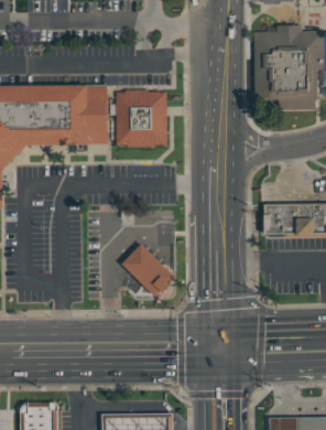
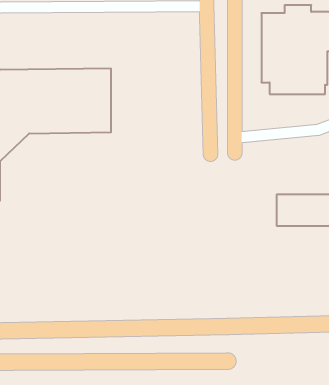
building: [118,90,169,149] -> none
building: [122,245,177,299] -> none

